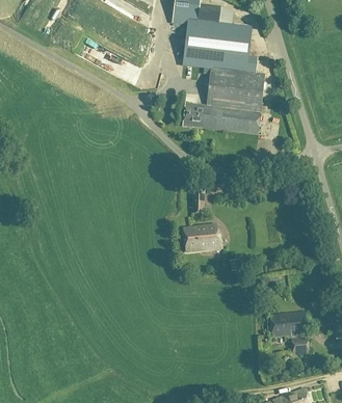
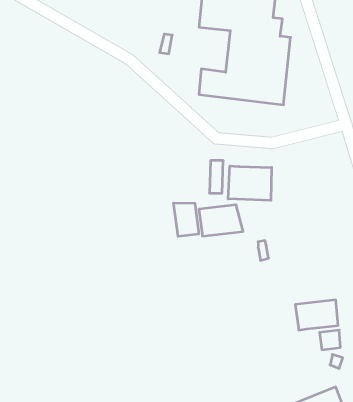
building: none -> [228,166,272,200]
building: none -> [174,203,199,236]

